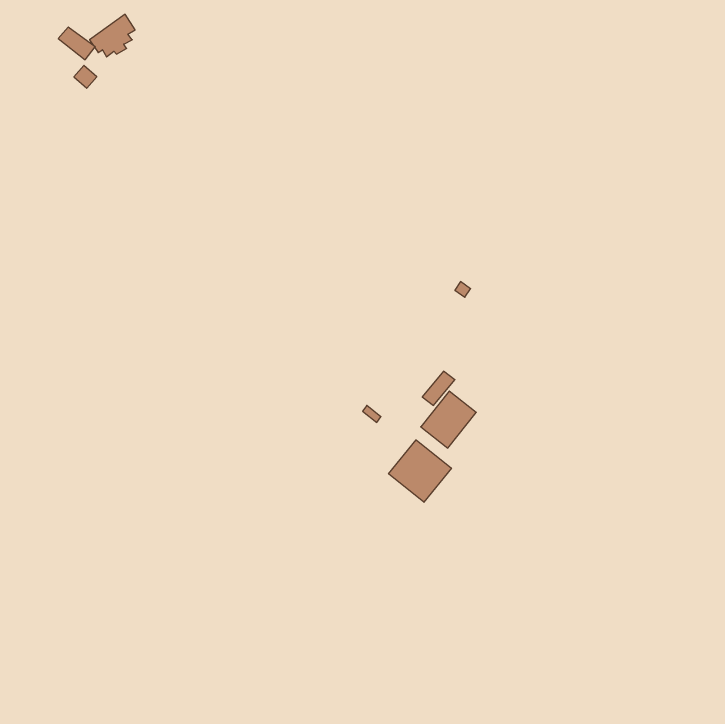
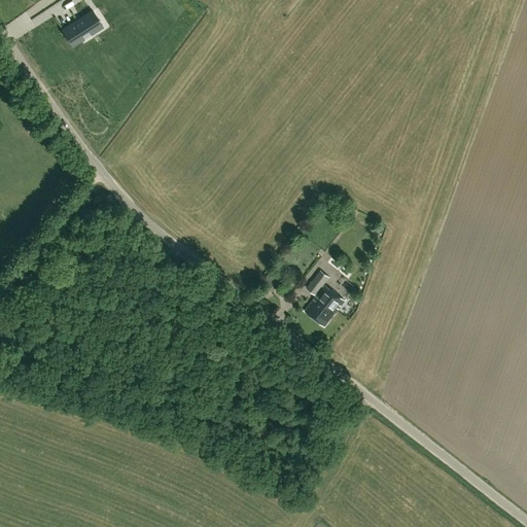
building: [389,440,451,502] -> none

